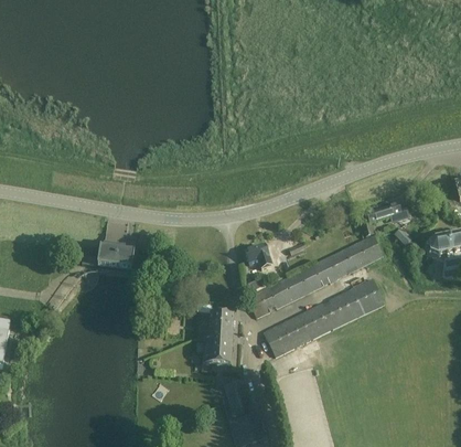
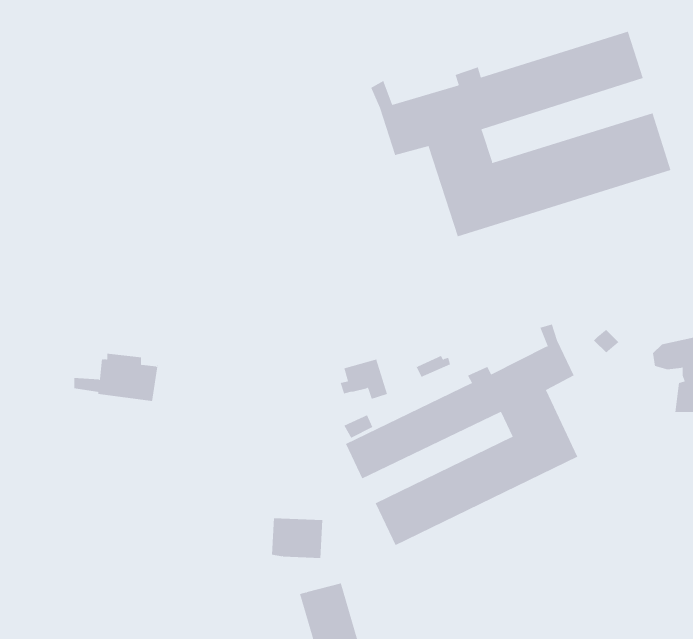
building: none -> [370,31,671,237]
building: [368,202,410,222] -> none
building: [204,312,235,341] -> none

